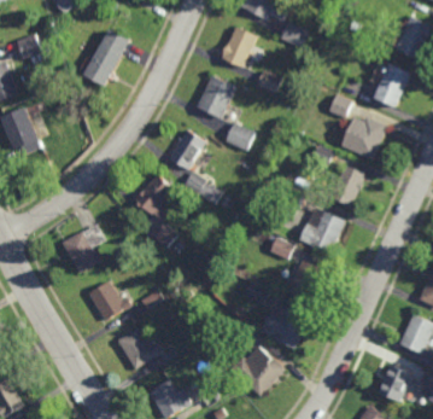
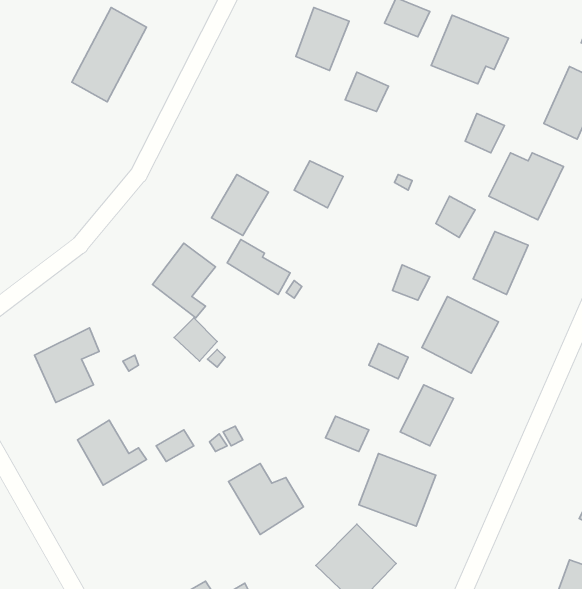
building: none -> [431,15,508,84]
building: [198,75,236,117] -> none
building: [118,328,164,372] -> [229,464,303,534]

